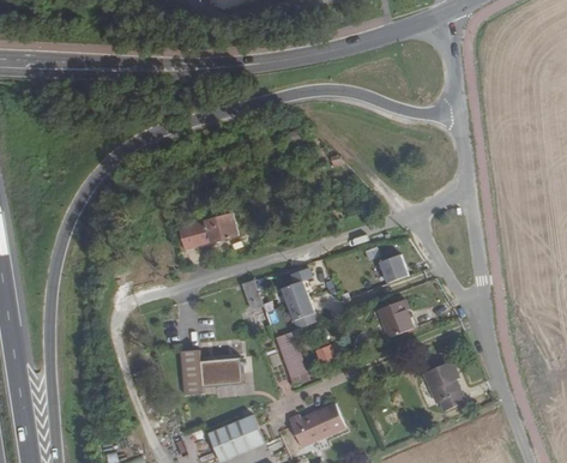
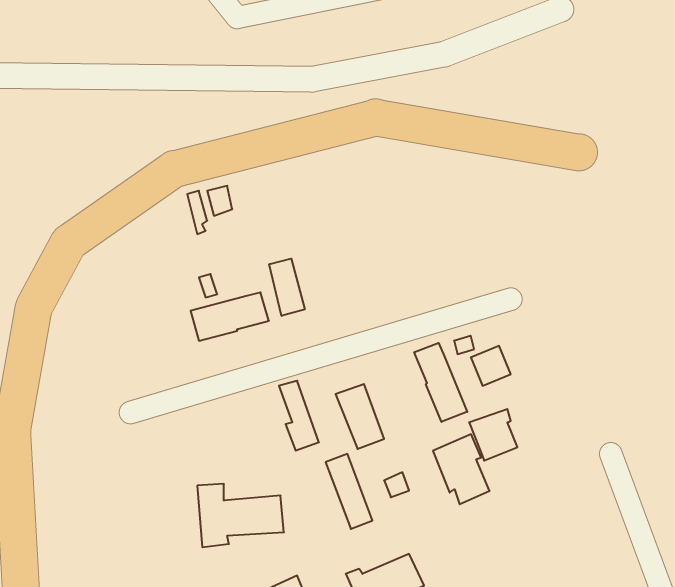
building: none -> [269,259,305,316]
building: none -> [414,343,467,422]
building: [423,360,464,410] -> [433,434,490,504]

